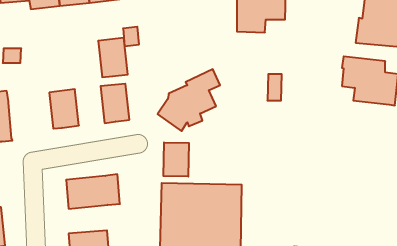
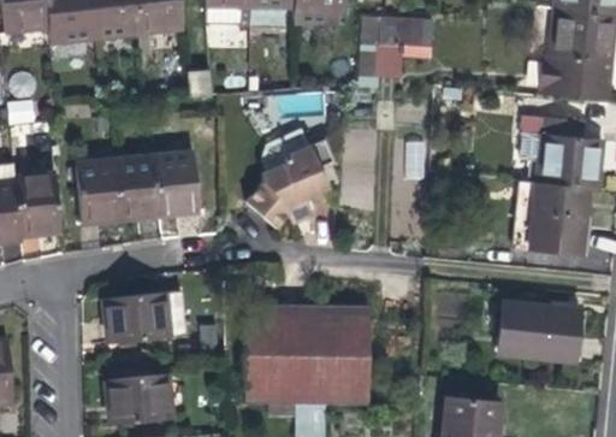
building: [98,38,128,77] -> [118,159,162,218]
building: none -> [18,177,63,237]
building: none -> [529,181,590,254]
building: [163,142,189,177] -> none
building: none -> [499,302,576,358]

